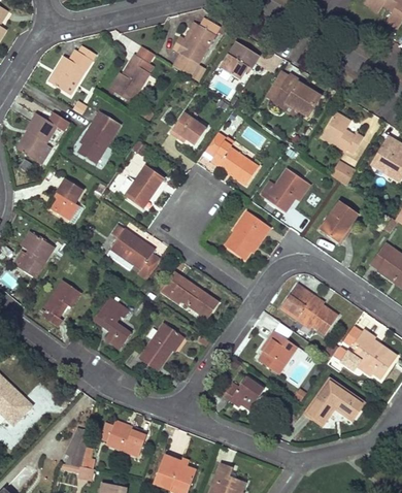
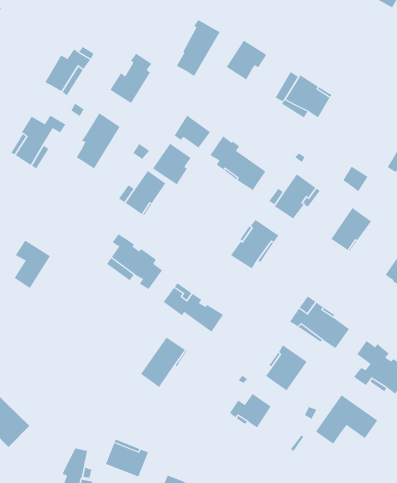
building: [322,112,364,153] -> none
building: none -> [152,143,191,185]
building: [51,178,83,220] -> none
building: [42,280,81,326] -> none
building: [94,297,131,349] -> none

